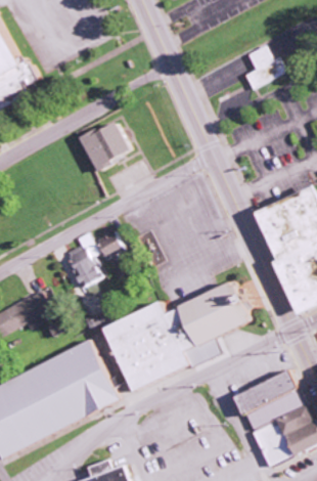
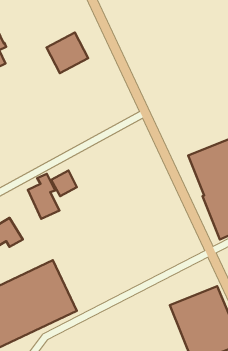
building: [239,45,280,89] -> none
building: [78,121,129,171] -> [47,33,88,73]
building: [102,282,251,391] -> none

